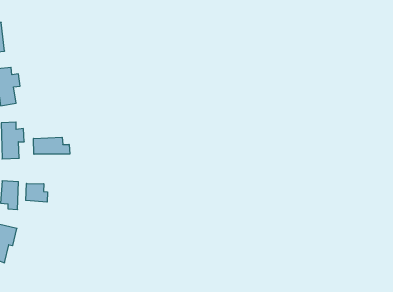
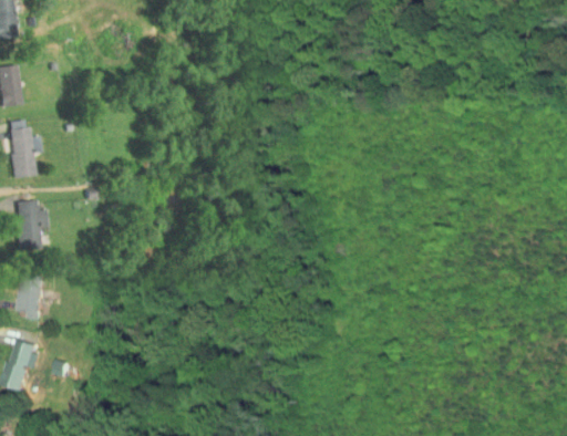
building: [34,137,70,154] -> none
building: [26,183,47,202] -> none

